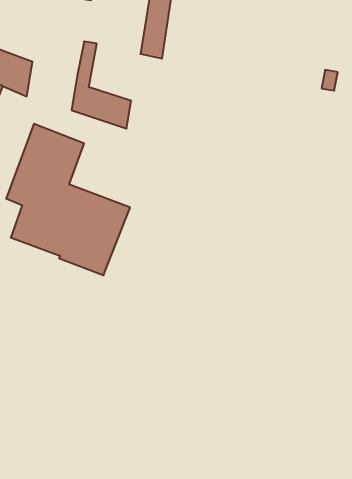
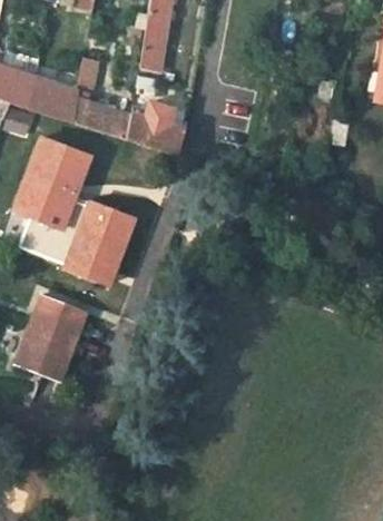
building: none -> [33,77,82,124]
building: none -> [130,102,188,158]
building: none -> [12,293,88,381]

